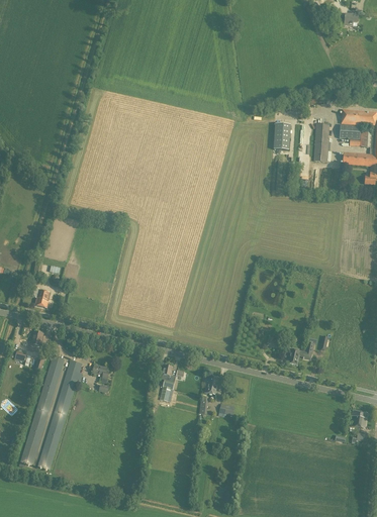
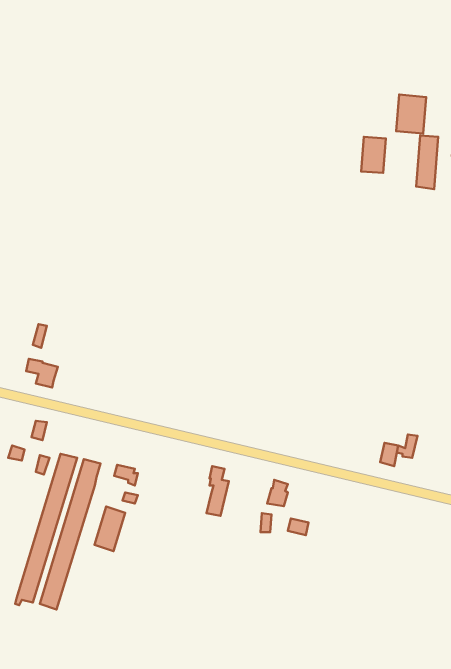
building: none -> [396,95,426,134]
building: none -> [94,506,125,551]

